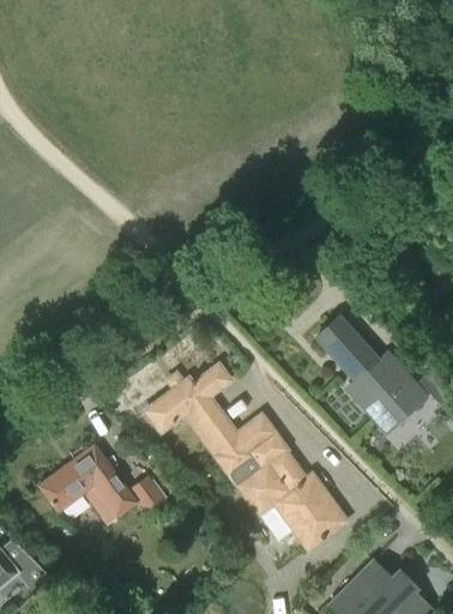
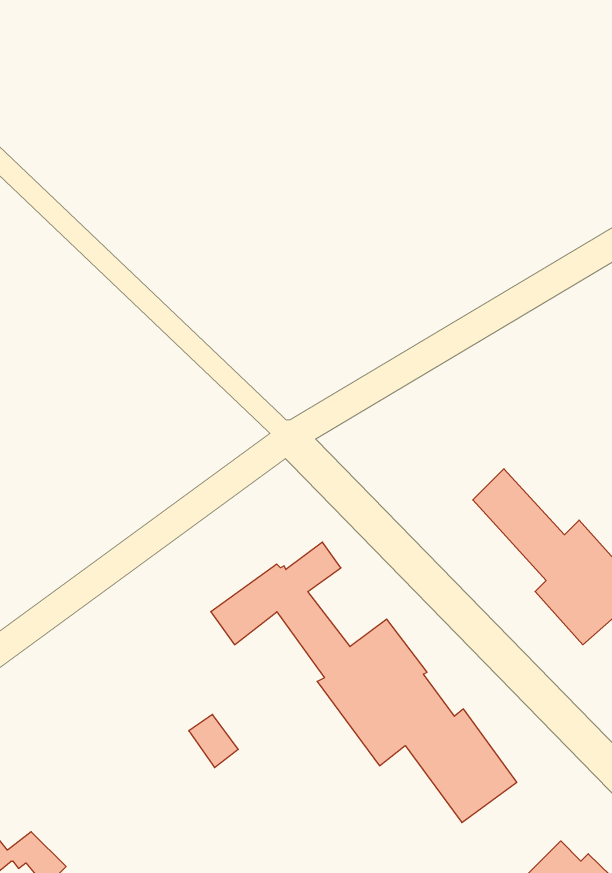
building: [40,445,137,525] -> none

